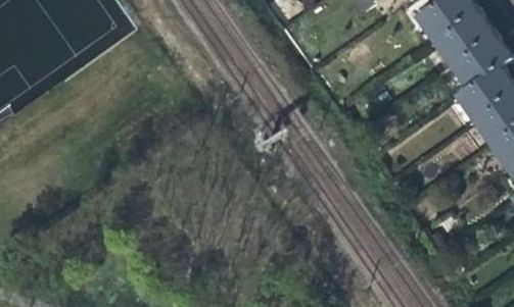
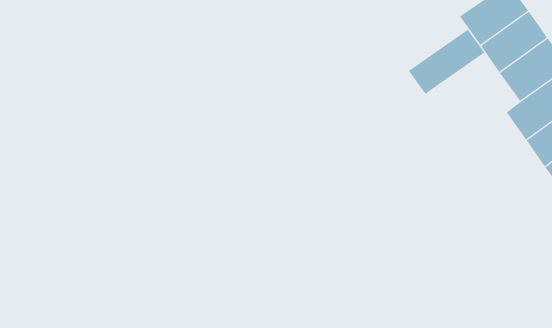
building: none -> [408,29,485,94]

